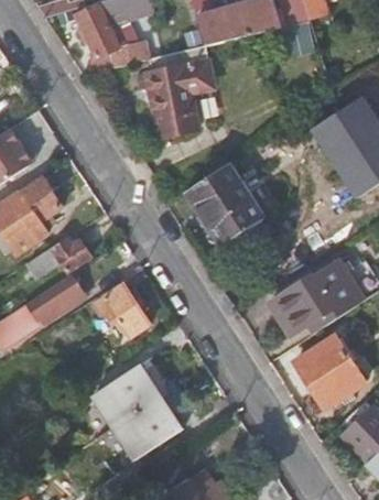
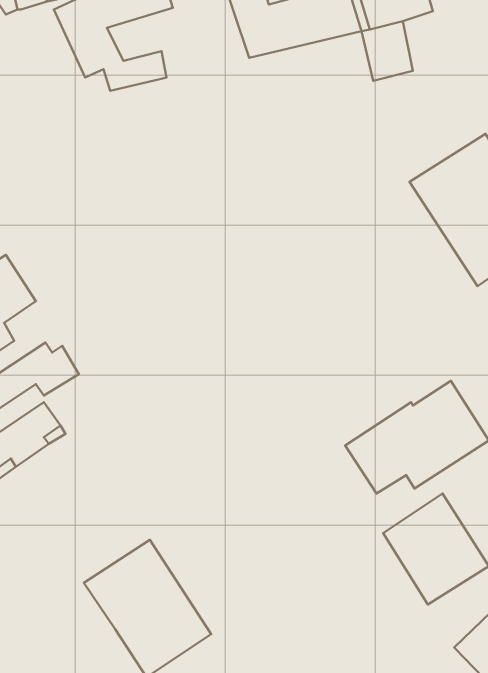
building: [145,45,215,137] -> none
building: [188,163,263,244] -> none
building: [93,284,150,334] -> none

